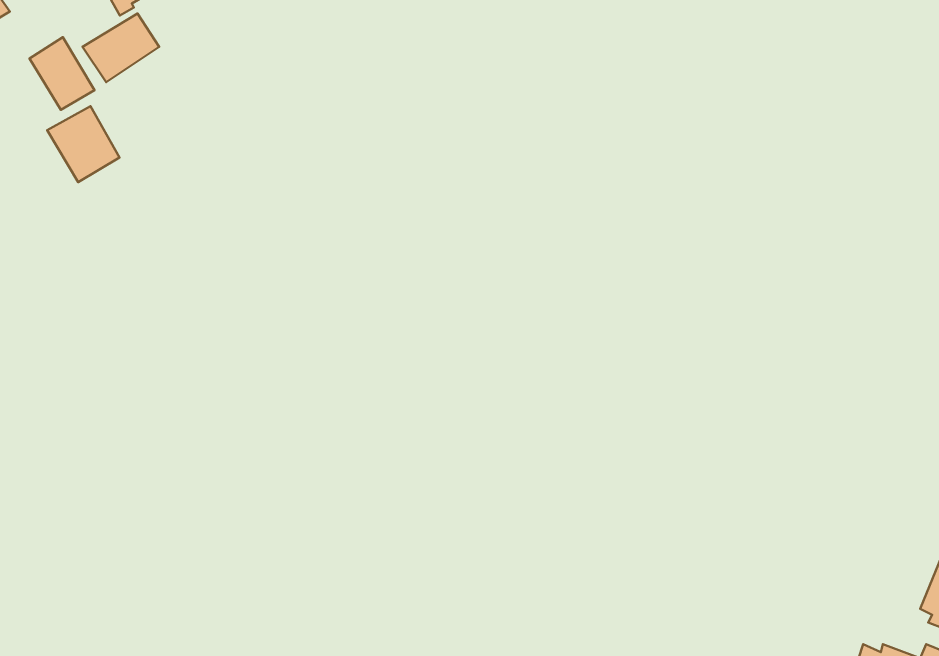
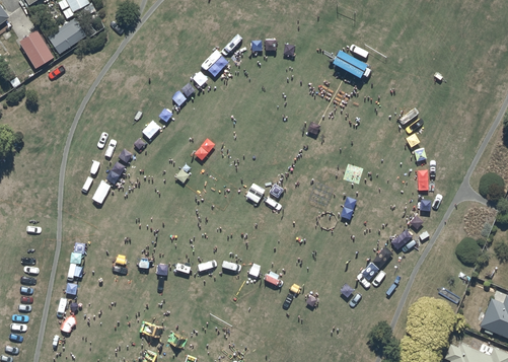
building: [47,106,119,182] -> none

